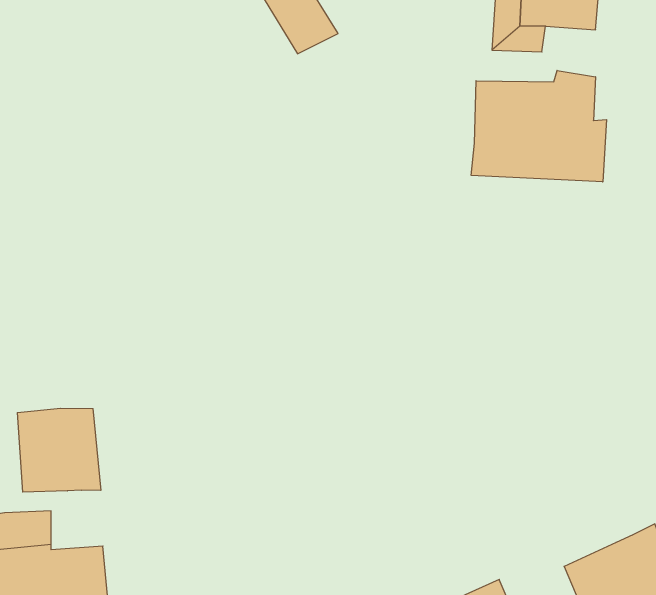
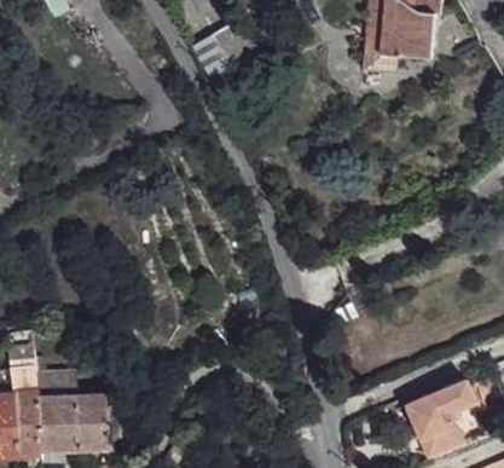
building: [471,70,606,182] -> none
building: [17,408,101,492] -> none

